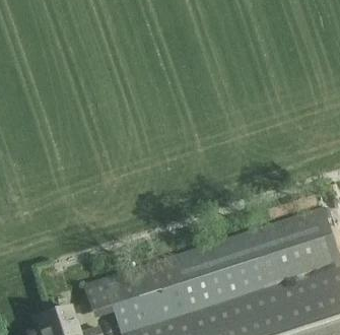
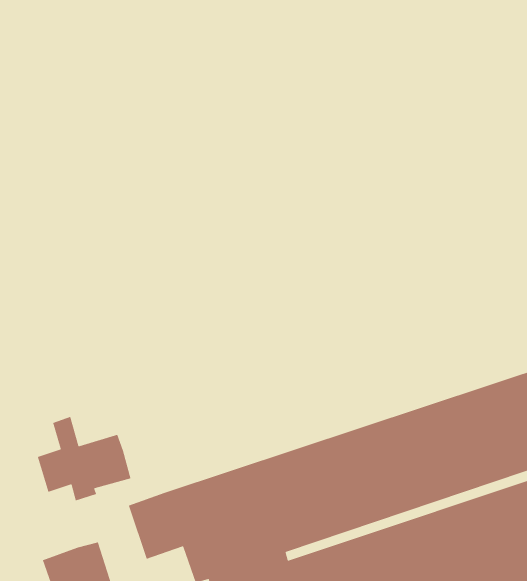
building: none -> [37,416,131,501]

